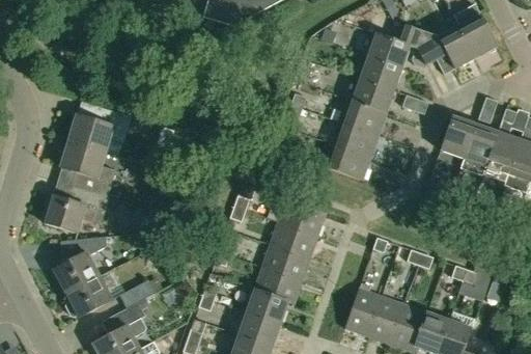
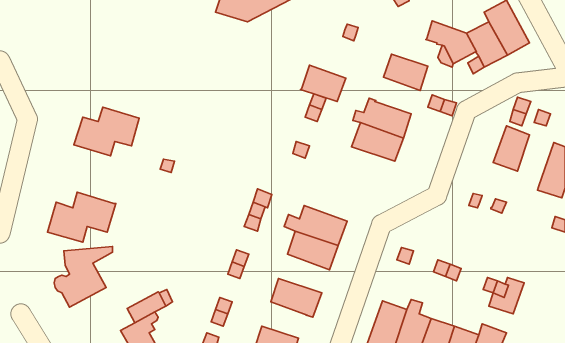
building: [367,33,410,67] -> none
building: [352,78,394,112] -> [301,65,346,102]
building: [440,115,475,158] -> none
building: [483,132,520,181] -> none
building: [61,141,115,196] -> none
building: [323,143,370,181] -> none
building: [261,244,309,280] -> none
building: [65,275,112,318] -> none
building: [246,289,288,323] -> none

